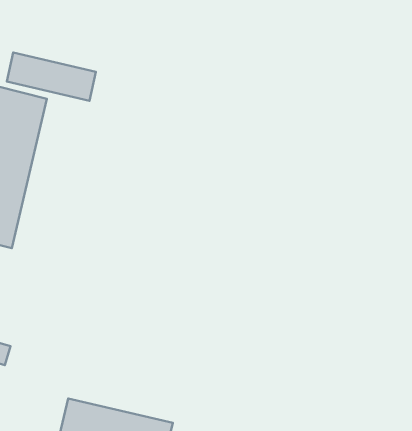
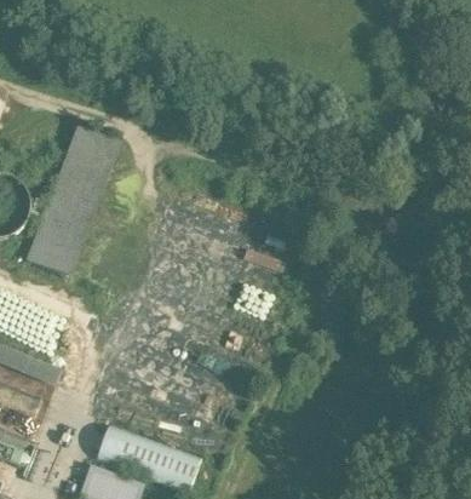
building: [7,53,96,101] -> none

